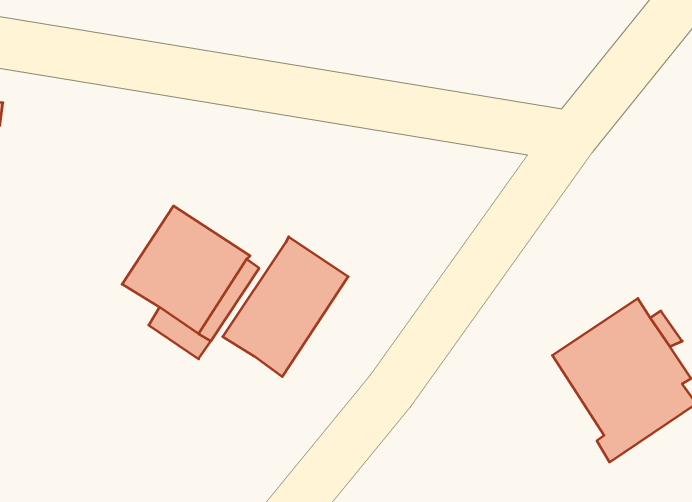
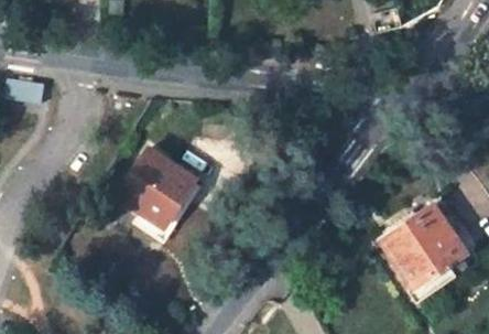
building: [223,237,348,377] -> none

